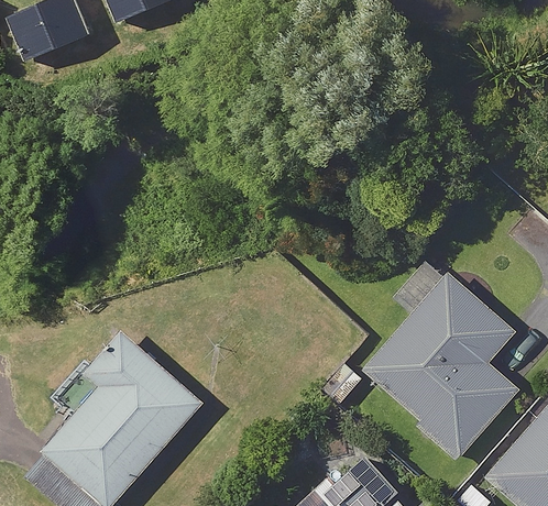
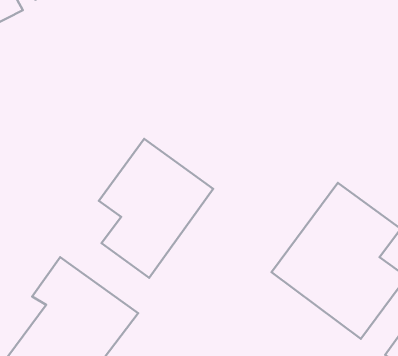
building: none -> [99,139,213,278]

